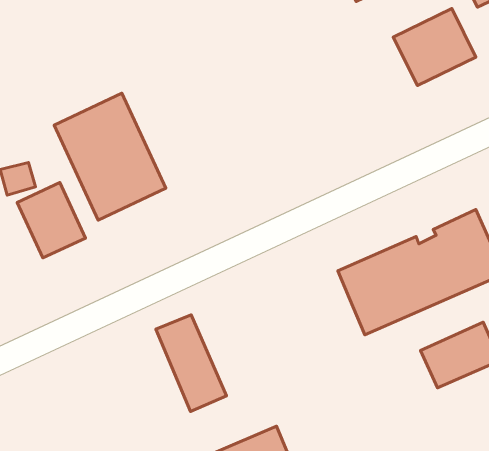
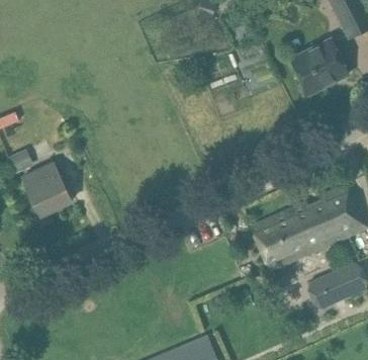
building: [54,93,166,220] -> none
building: [156,315,227,411] -> none

